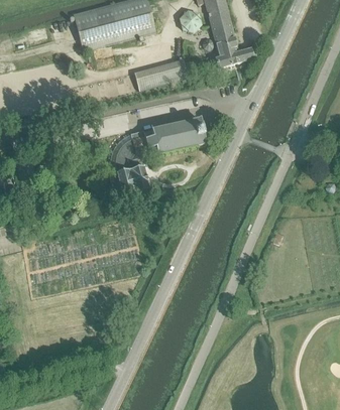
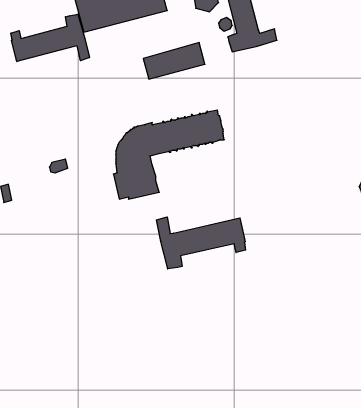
building: none -> [11,14,89,62]
building: none -> [157,217,246,269]

